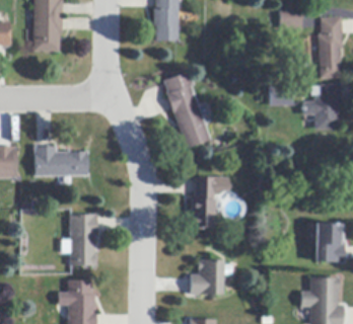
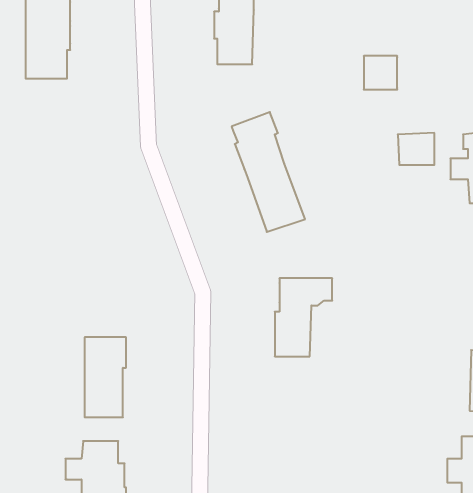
building: [280,7,301,28] -> [364,56,397,90]
building: [36,146,88,176] -> none
building: [191,258,232,295] -> none

